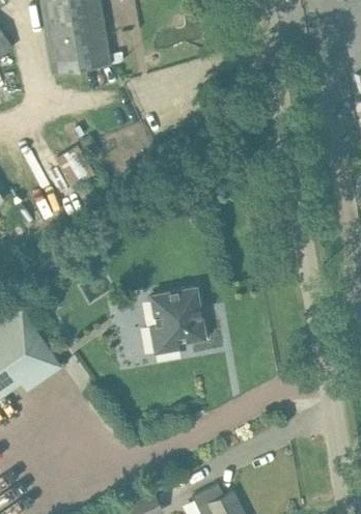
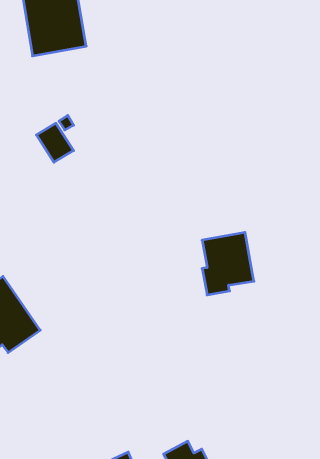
building: [149,287,204,353] -> [202,232,254,295]

